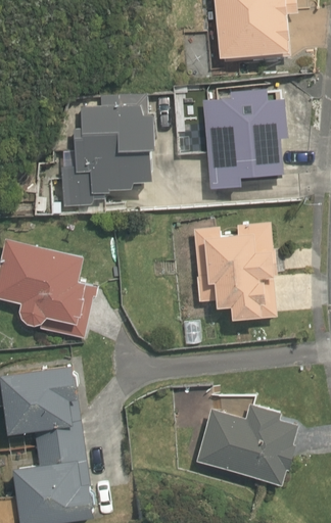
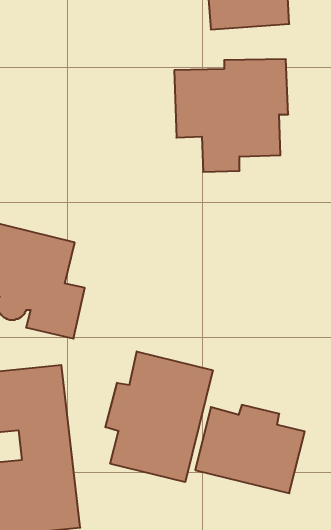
building: [60,99,154,207] -> none
building: [194,222,283,324] -> none
building: none -> [105,351,213,482]

